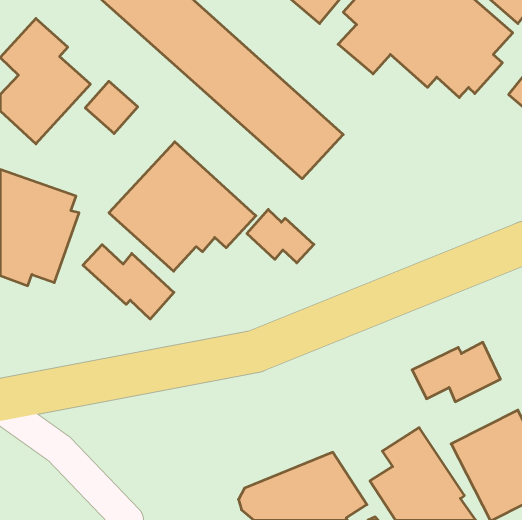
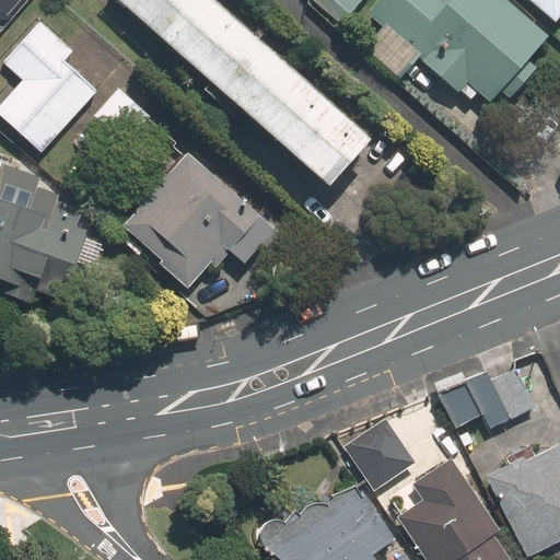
building: [247,209,314,263] -> none
building: [83,245,174,319] -> none
building: none -> [345,415,418,488]

